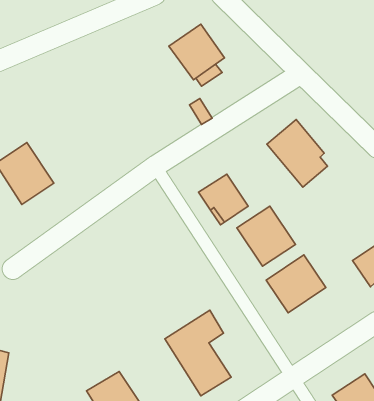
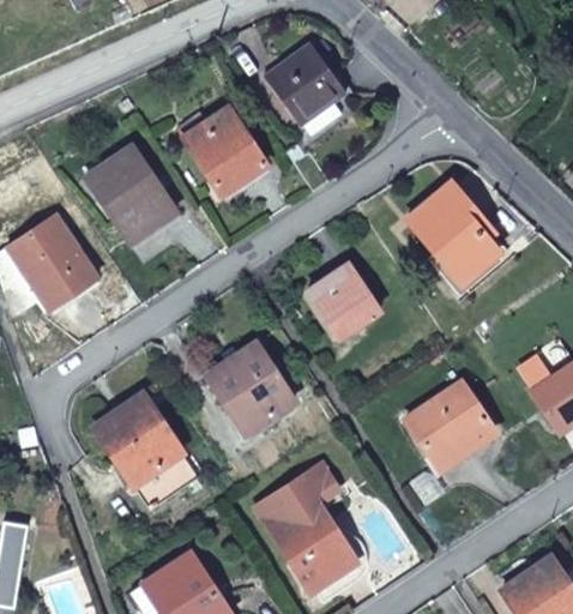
building: none -> [176,107,265,192]
building: none -> [86,145,175,241]
building: [237,206,295,266] -> none
building: none -> [207,344,292,431]
building: none -> [95,393,198,507]

